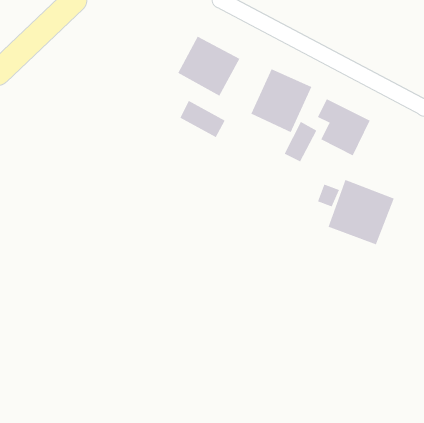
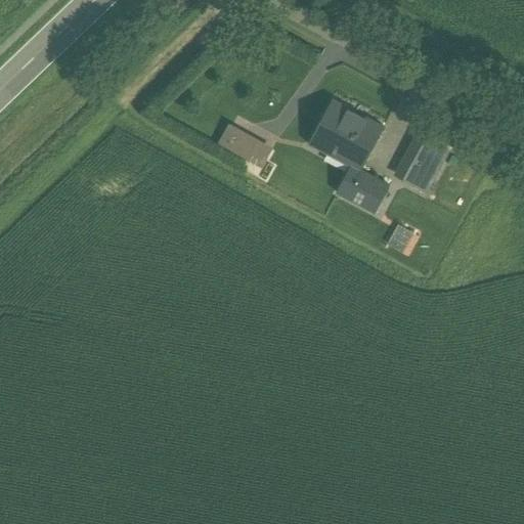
building: [178,36,240,96] -> none
building: [328,179,394,245] -> none

